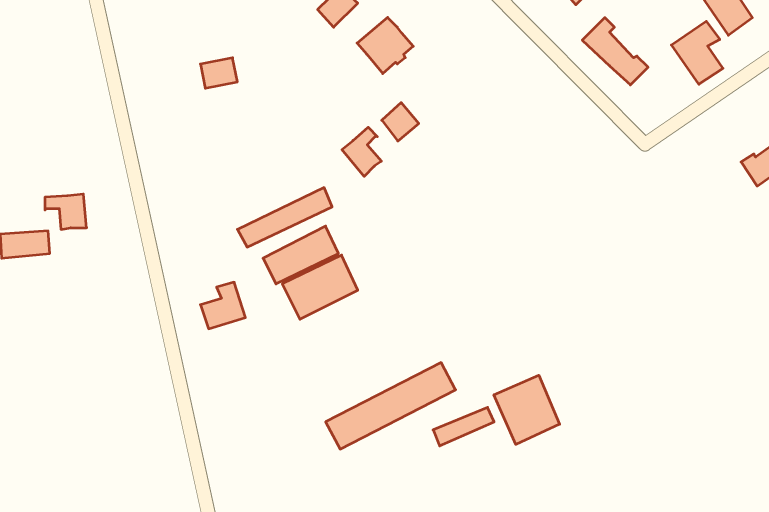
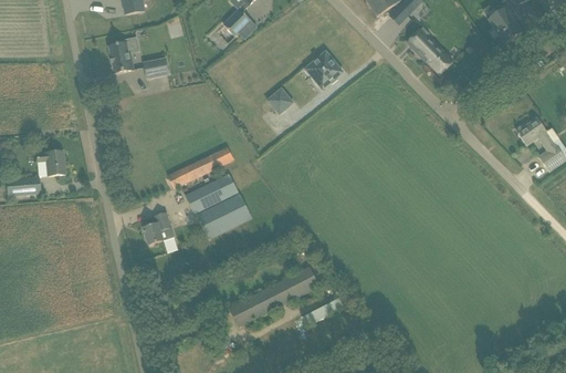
building: [357,17,413,74] -> [304,50,343,89]
building: [671,21,723,84] -> none
building: none -> [108,41,134,72]
building: [342,127,381,176] -> none
building: [494,375,560,444] -> none

